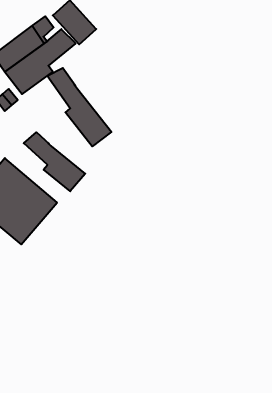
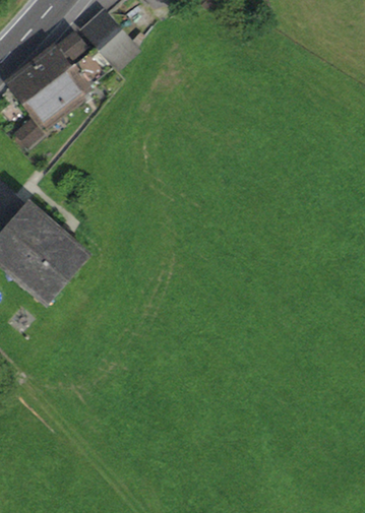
building: [47,68,111,146] -> none
building: [24,132,85,191] -> none

